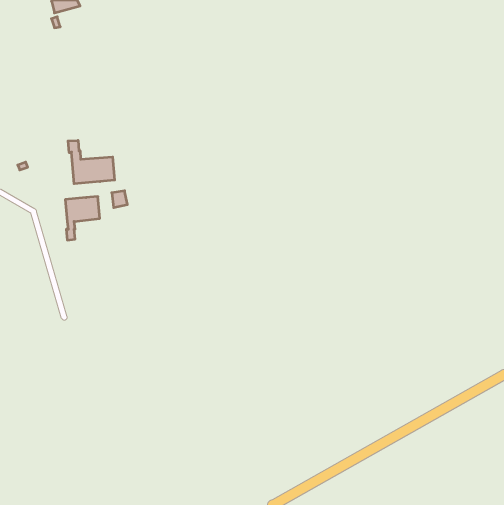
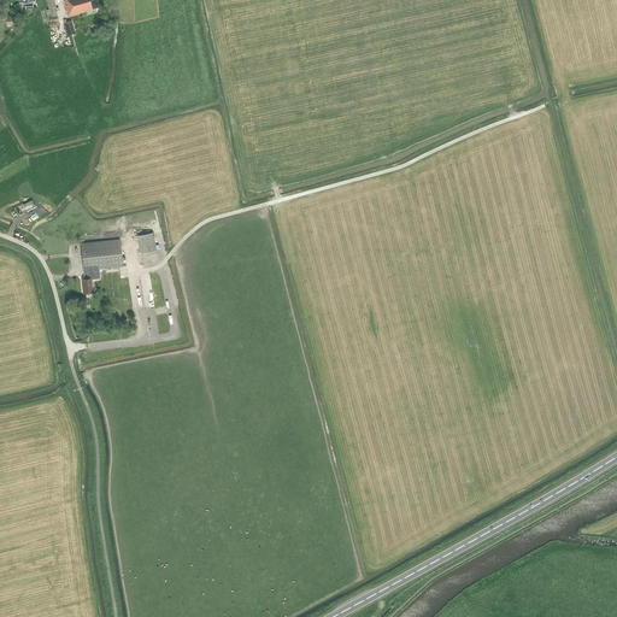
building: [68,140,115,184] -> none

